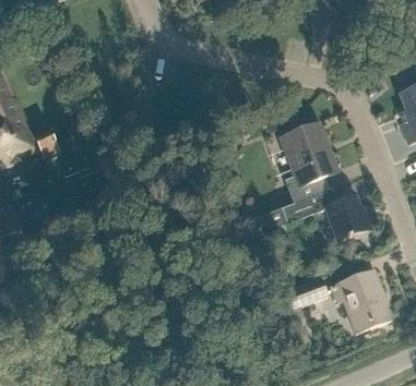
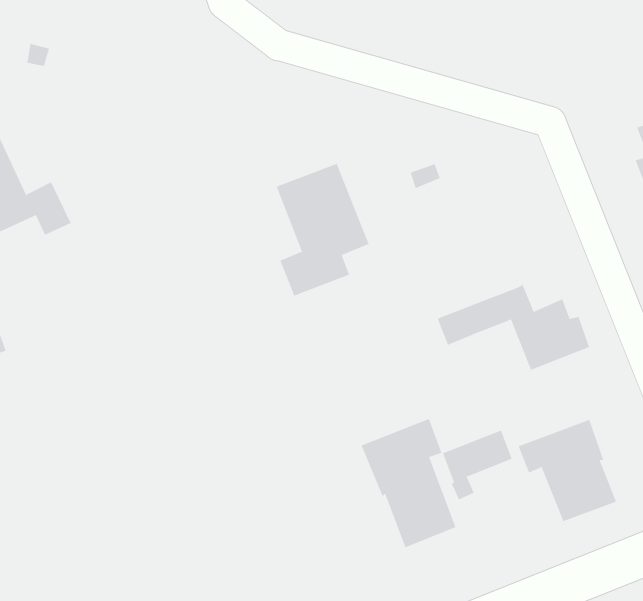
building: [283,122,340,203] -> [276,163,370,296]
building: none -> [361,418,456,548]

